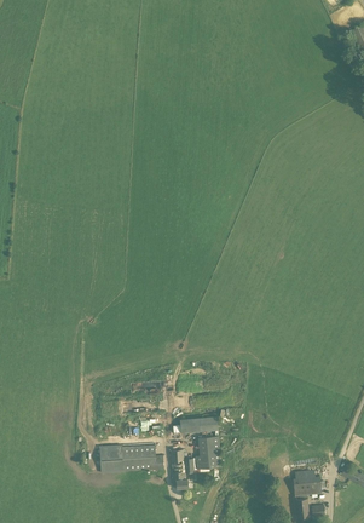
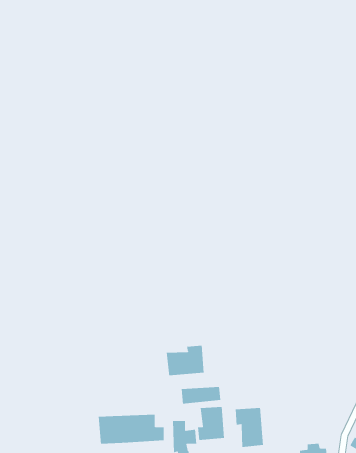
building: none -> [166,345,204,376]
building: none -> [235,407,263,448]

